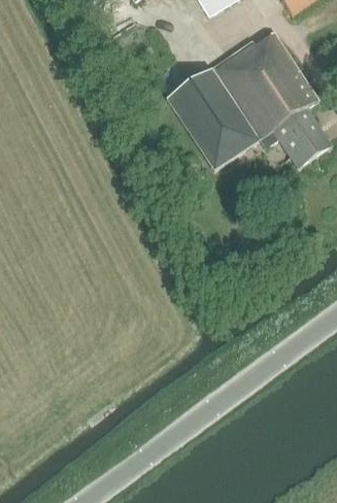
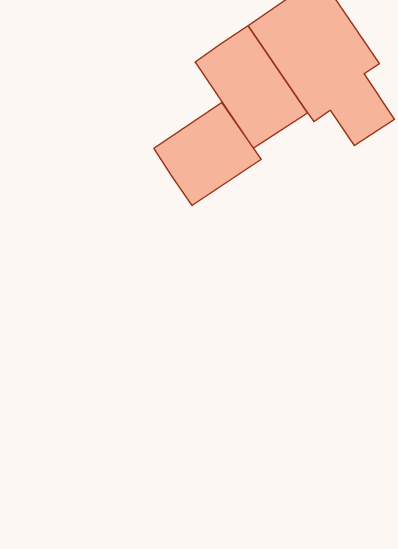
building: none -> [154,102,261,206]

